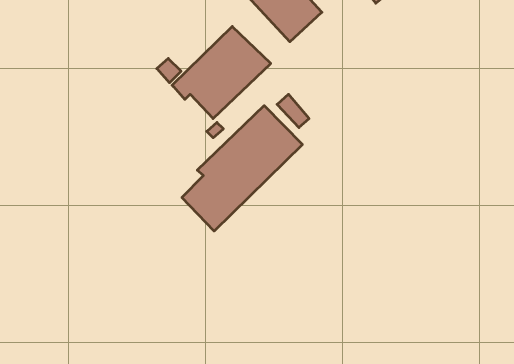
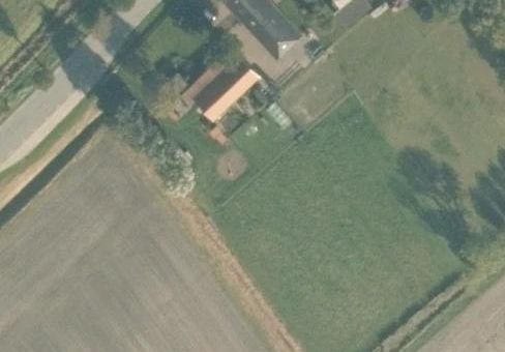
building: [182,106,302,231] -> none

